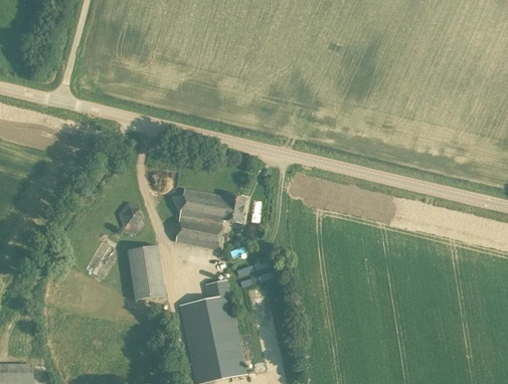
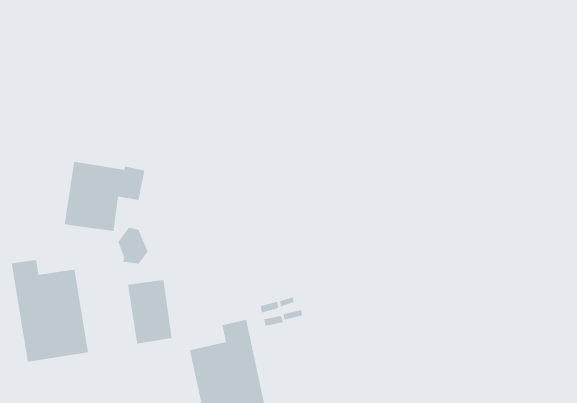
building: [176,189,244,248] -> [64,161,145,232]
building: none -> [11,259,88,362]

